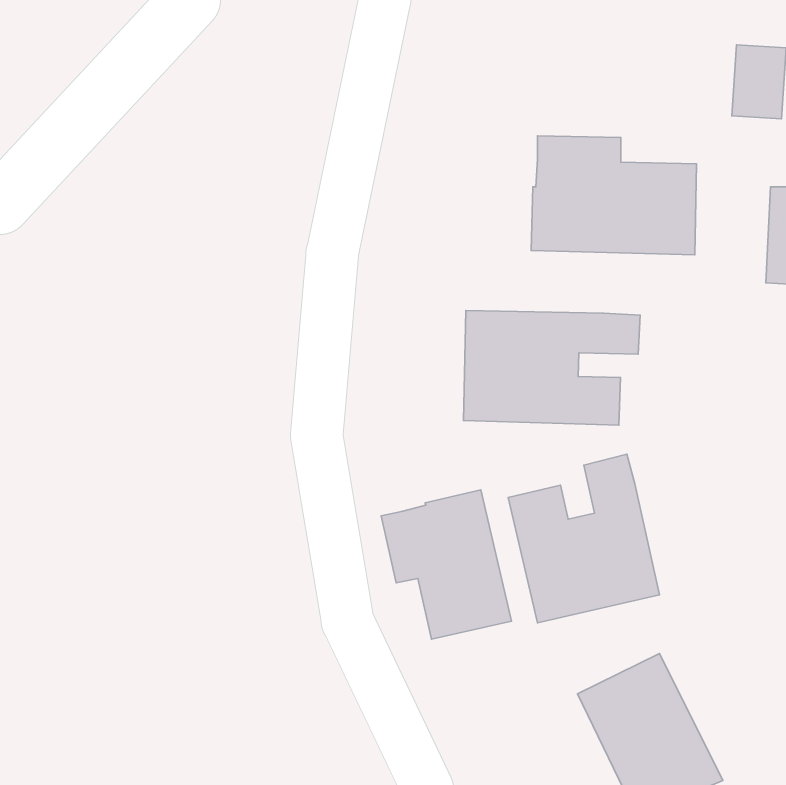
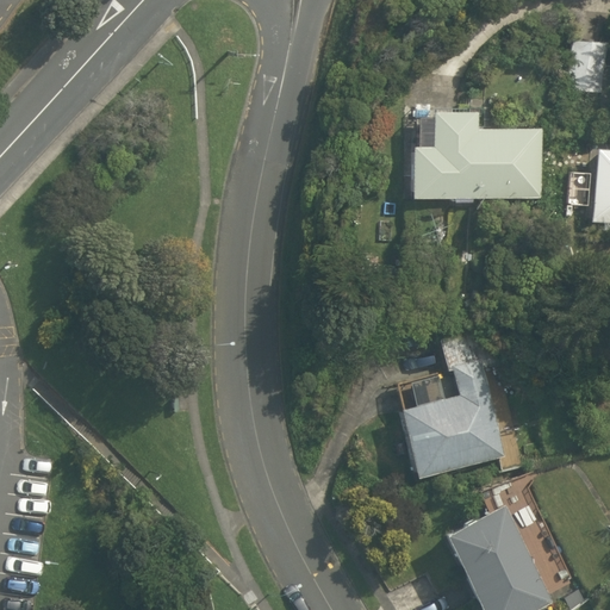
building: [464,311,640,425] -> none
building: [381,490,512,639] -> none

